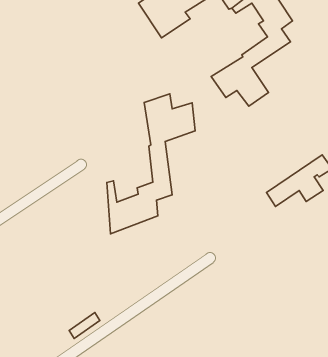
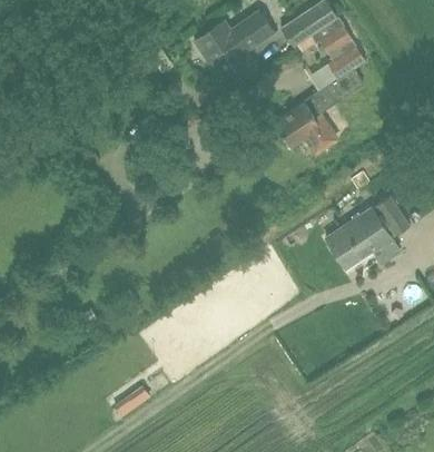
building: [107,94,195,234] -> none
building: none -> [325,196,398,253]

